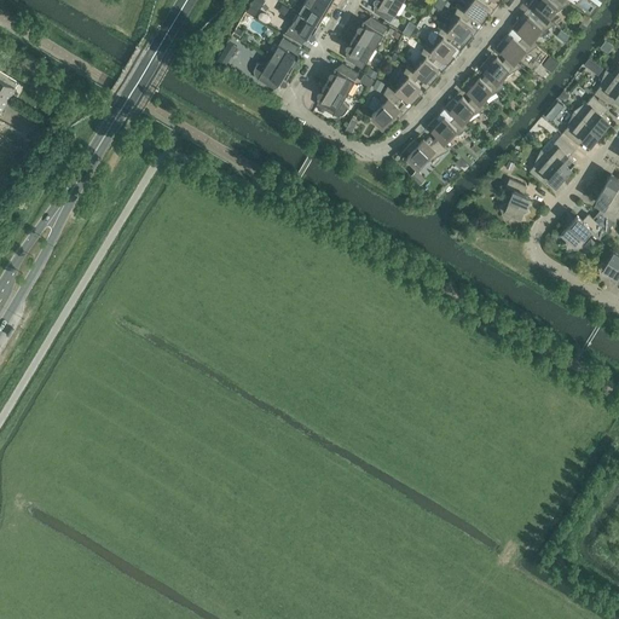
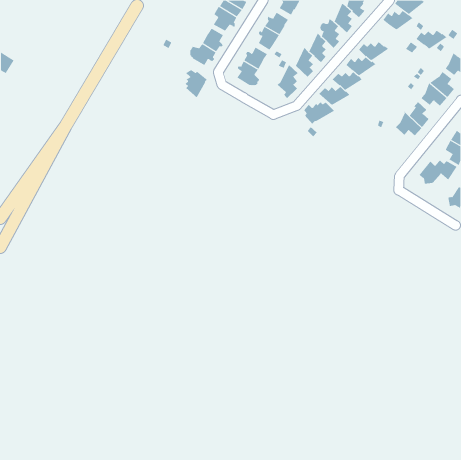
building: [496,36,538,63] -> [416,30,447,50]
building: none -> [184,69,208,98]
building: [501,179,531,221] -> none

